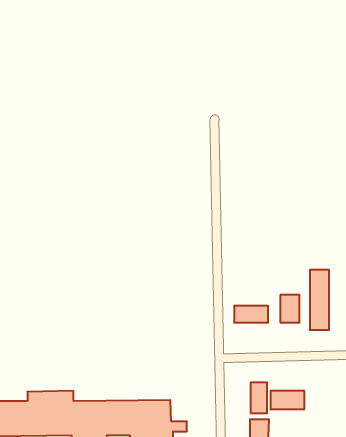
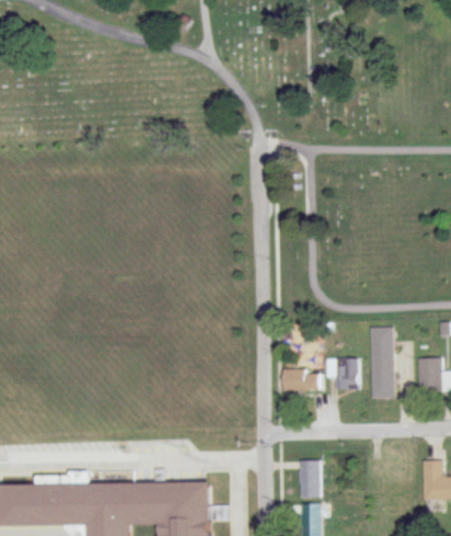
building: [271,391,304,410] -> none

